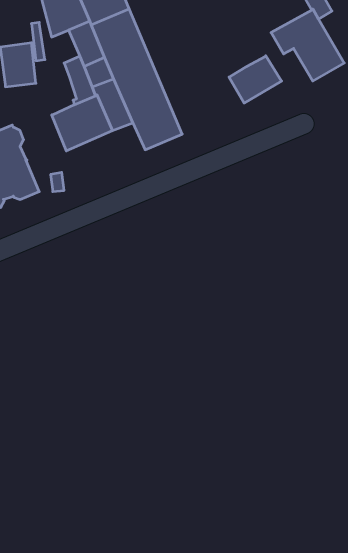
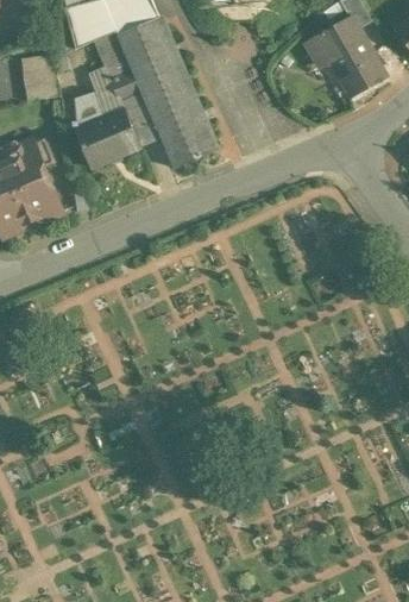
building: [229,56,282,103] -> none
building: none -> [76,89,103,128]

